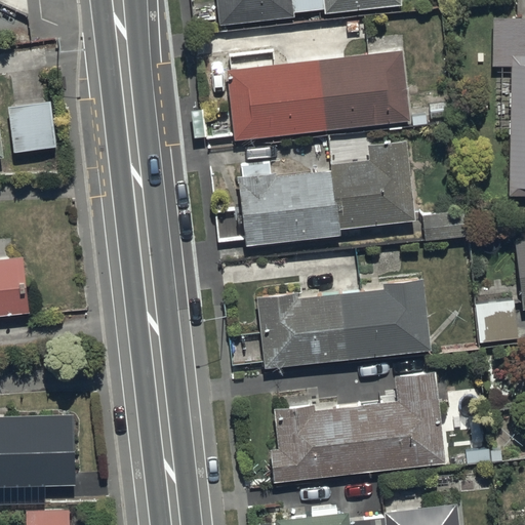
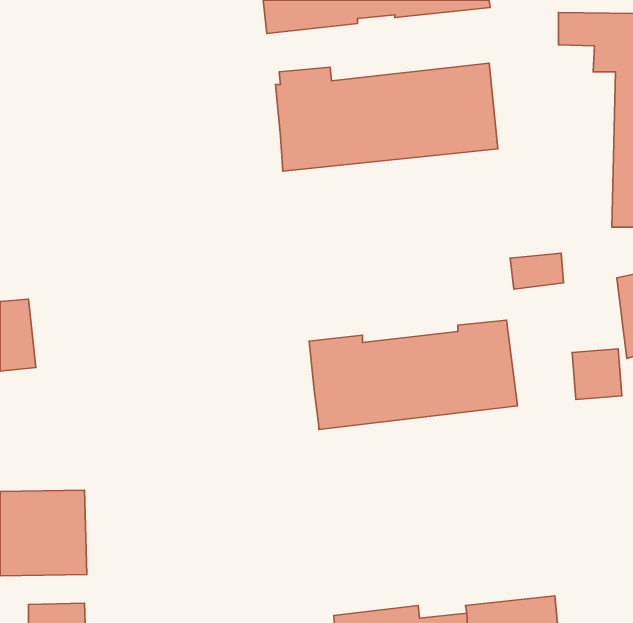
building: [7,103,54,152] -> none
building: [242,153,418,257] -> none
building: [268,366,444,478] -> none

